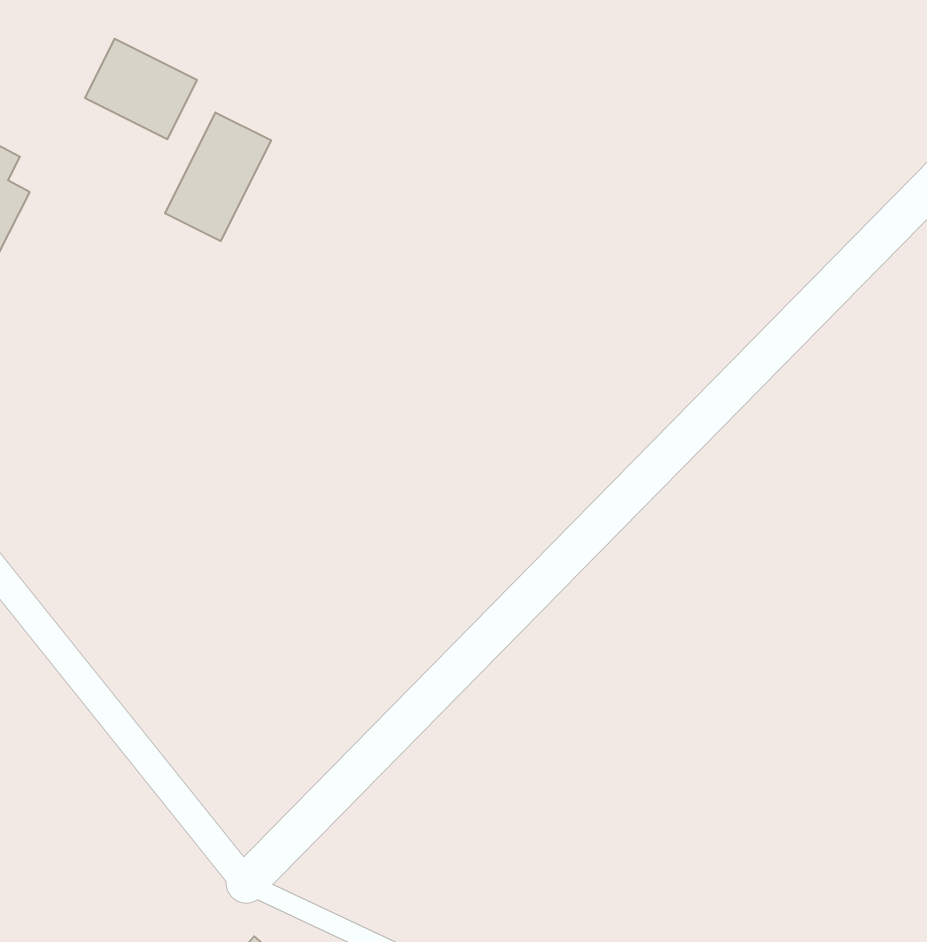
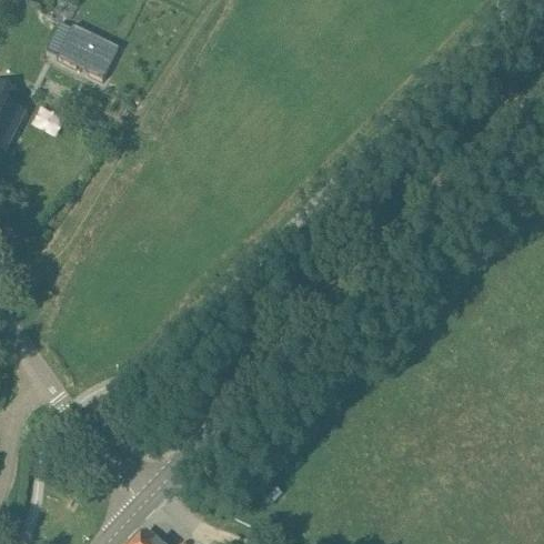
building: [165,112,271,241] -> none

